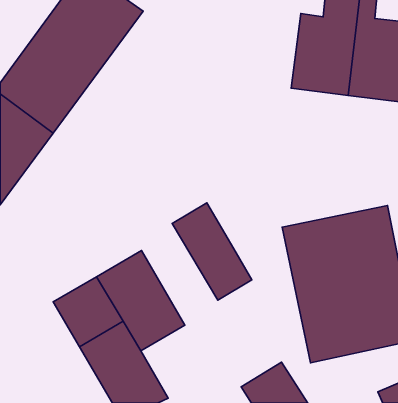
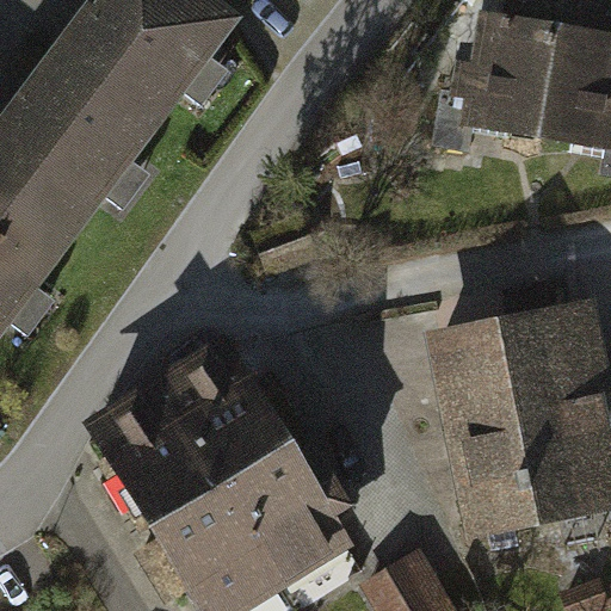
building: [172,203,252,300] -> none
building: none -> [228,483,334,592]

